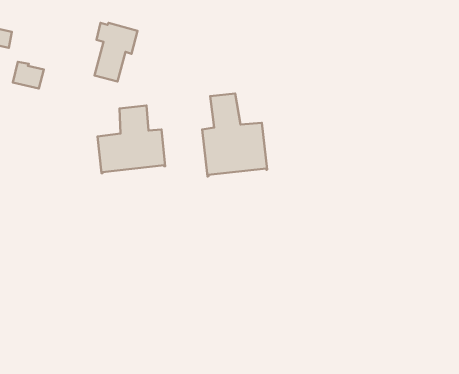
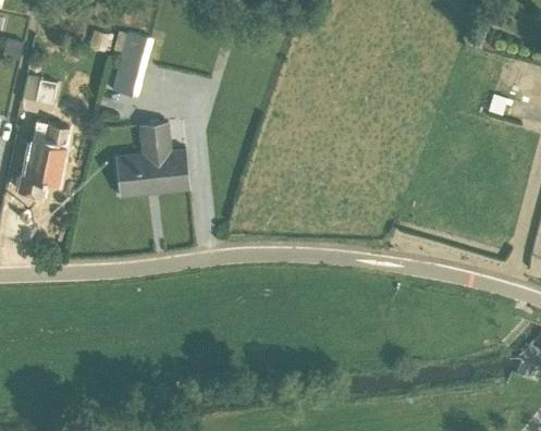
building: [202,93,267,176] -> none
building: none -> [22,114,70,185]

